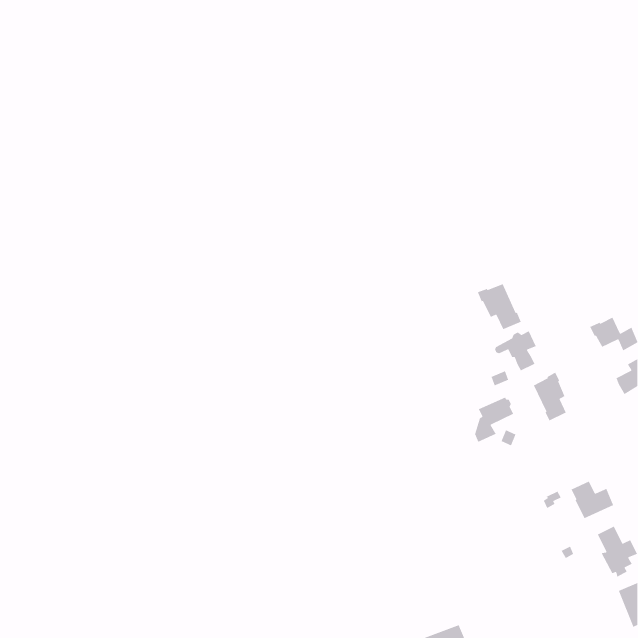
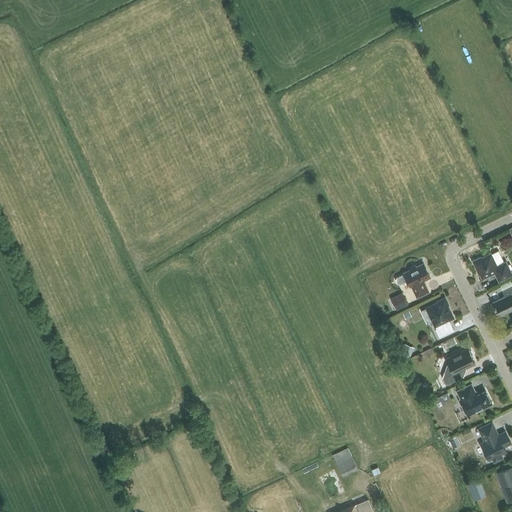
building: [477,283,522,330] -> none
building: [474,396,514,443] -> [442,349,474,386]
building: none -> [332,448,357,477]

